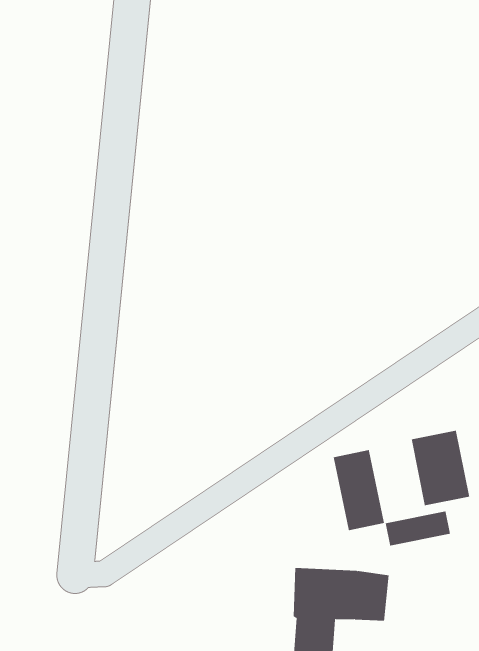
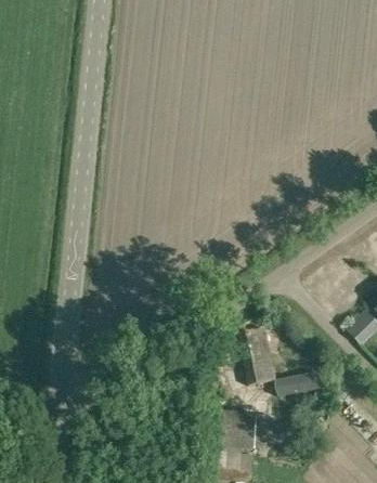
building: [411,430,470,506] -> none

